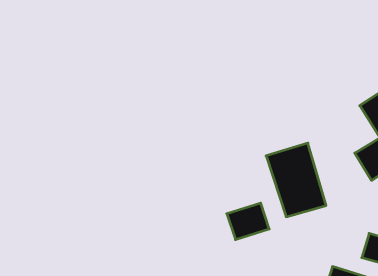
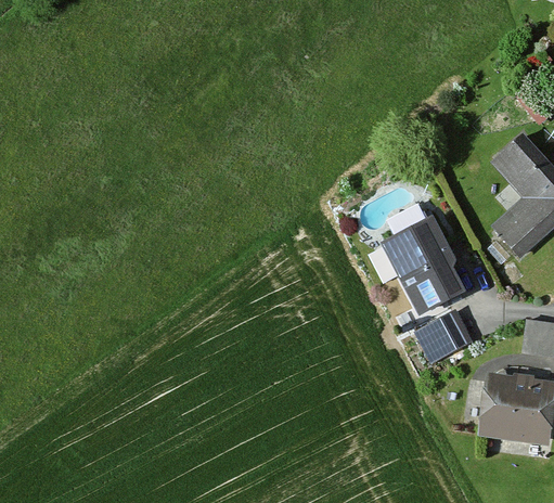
building: [227,203,269,240] -> [415,308,473,360]

